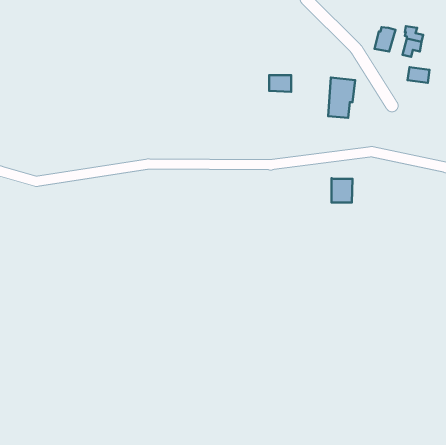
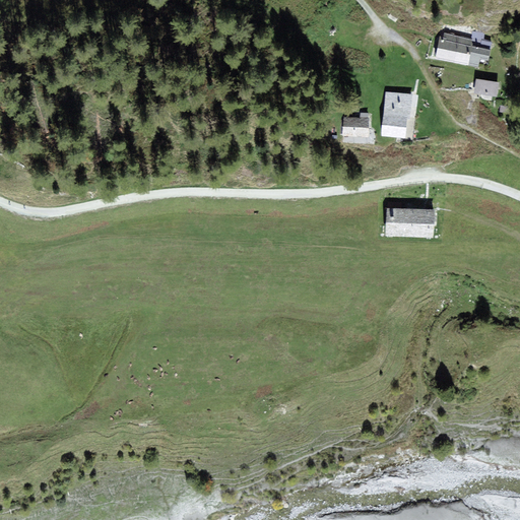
building: none -> [453,35,473,64]
building: [269,75,291,92] -> [343,117,369,136]
building: none -> [409,208,435,237]

